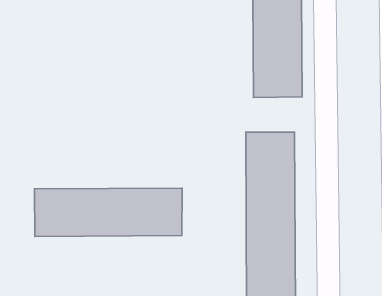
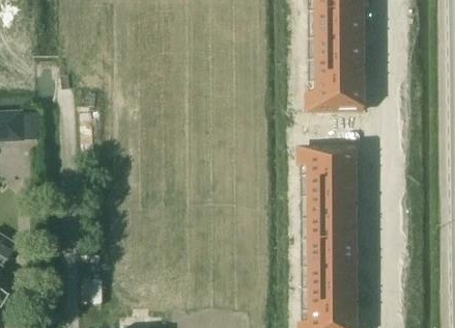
building: [34,188,182,236] -> none

